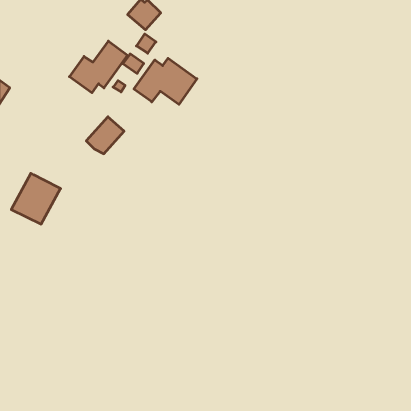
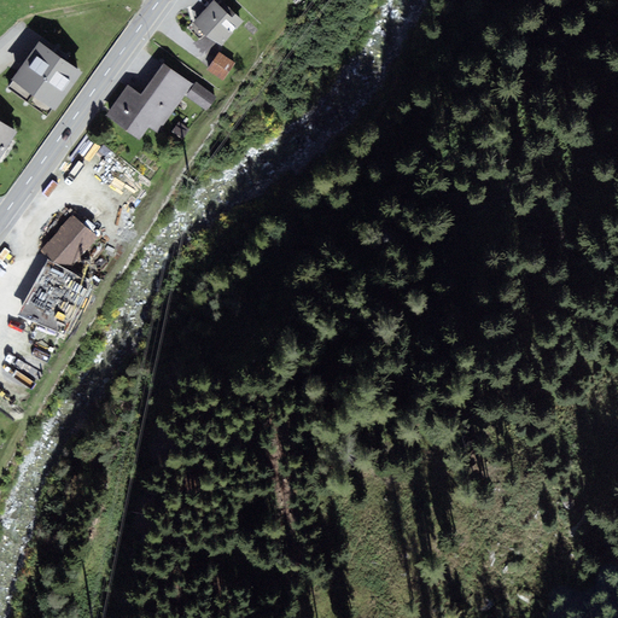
building: none -> [8,40,82,111]
building: [134,58,197,104] -> none
building: [86,117,124,154] -> [39,214,95,269]

